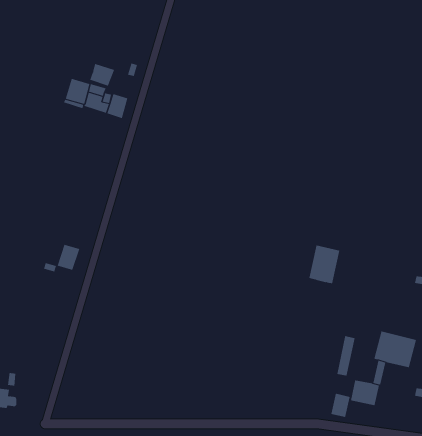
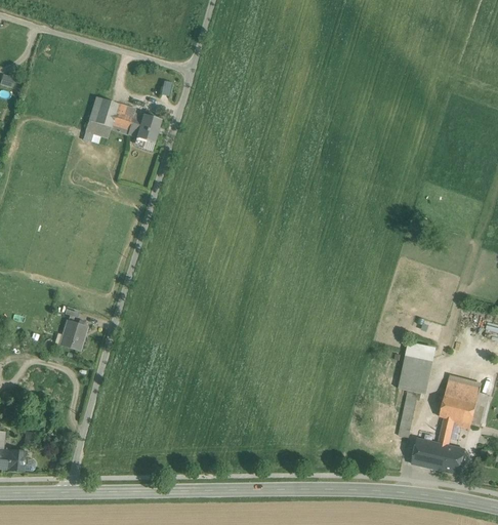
building: [89,63,115,86] -> none
building: [57,244,80,271] -> [59,320,86,350]
building: [308,245,340,284] -> [398,349,433,393]
building: [330,393,350,418] -> [441,445,463,473]

